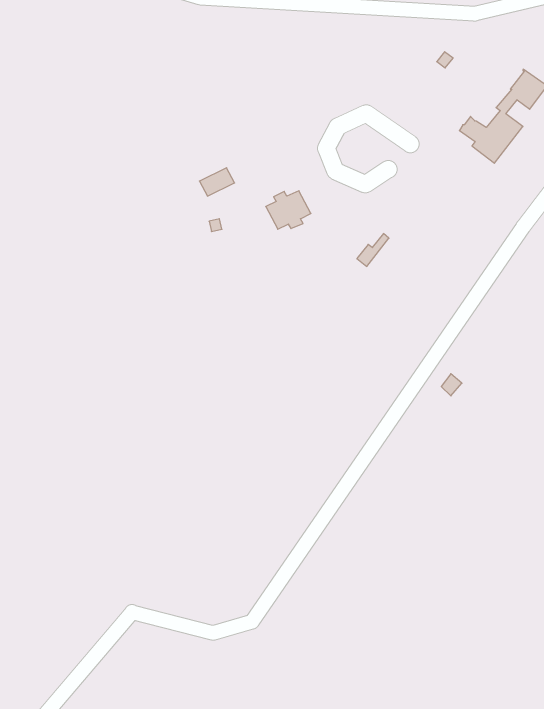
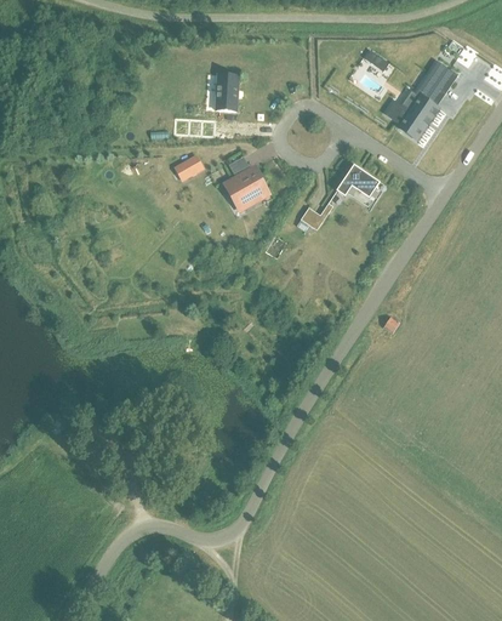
building: none -> [215,73,238,110]
building: none -> [335,164,384,209]

